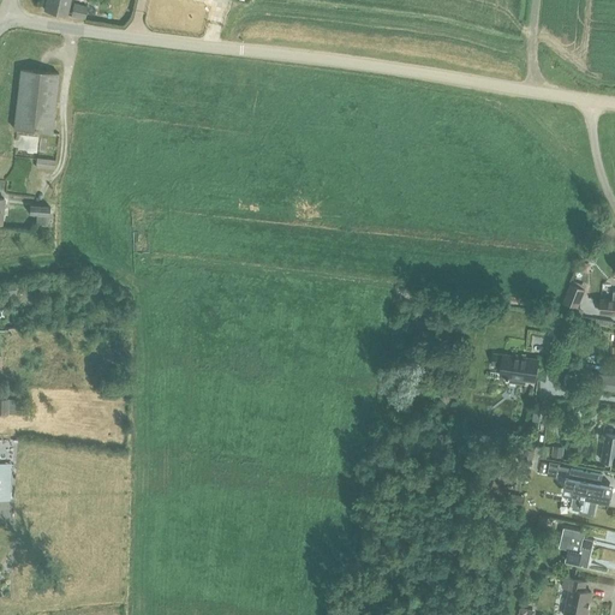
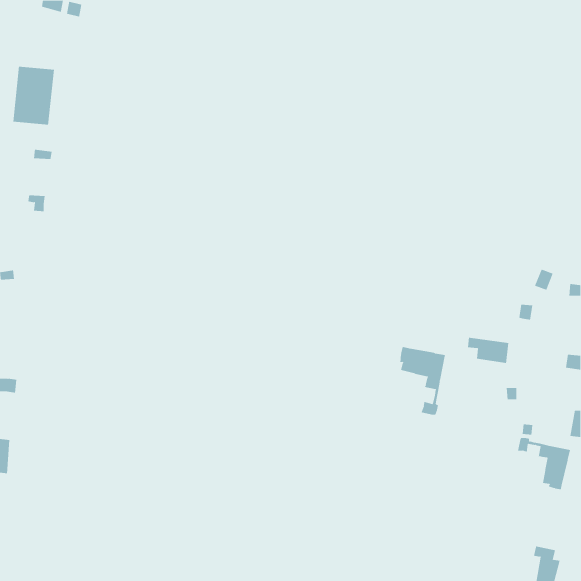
building: none -> [400,346,446,416]
building: [559,527,593,567] -> none

